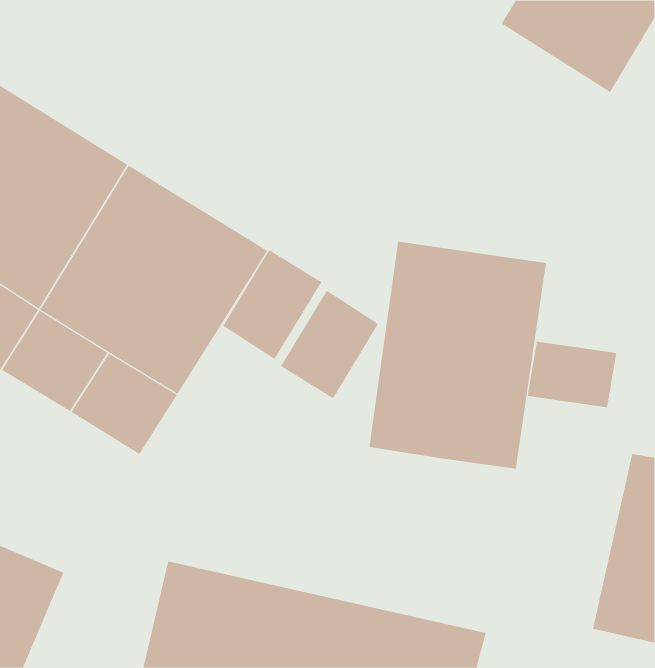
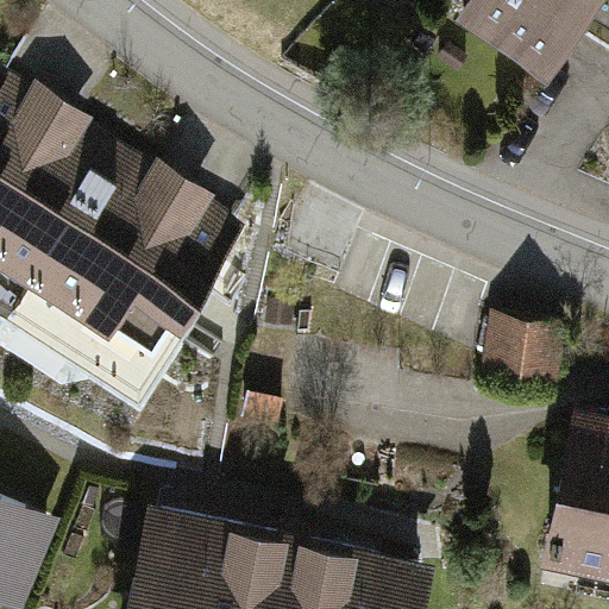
building: [369,241,547,469] -> none
building: [223,249,322,360] -> none
building: [280,290,379,399] -> none

